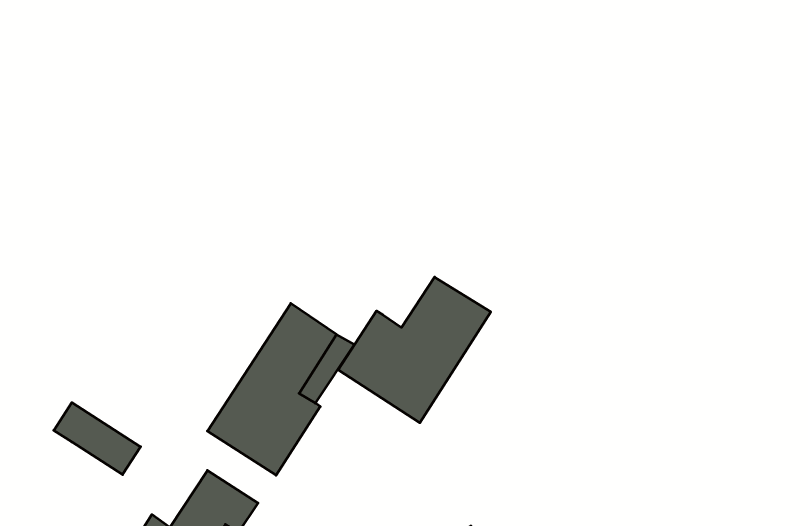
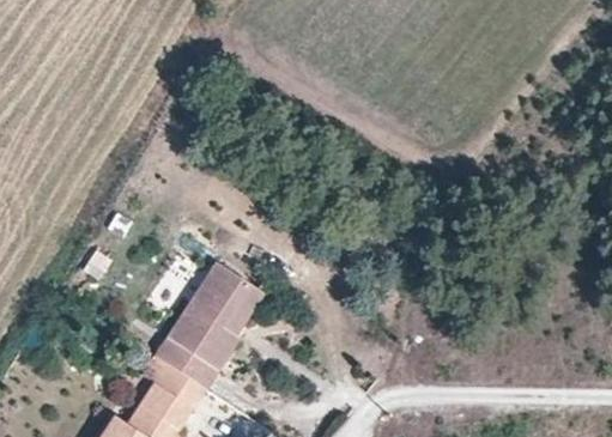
building: [338,277,491,423] -> none
building: [54,403,141,475] -> [141,354,205,407]

